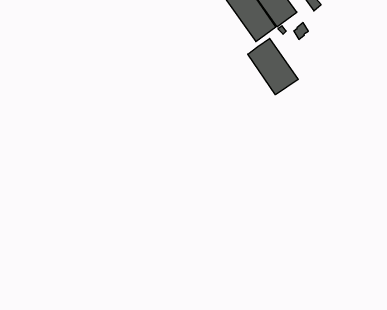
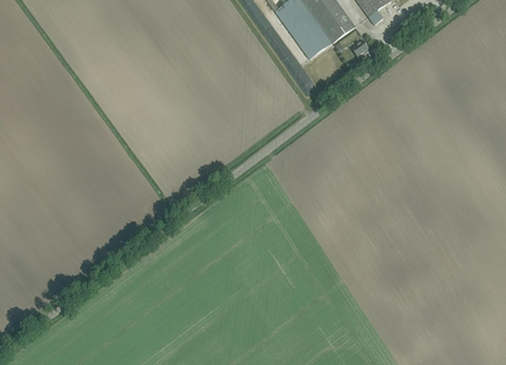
building: [248,38,298,95] -> none

